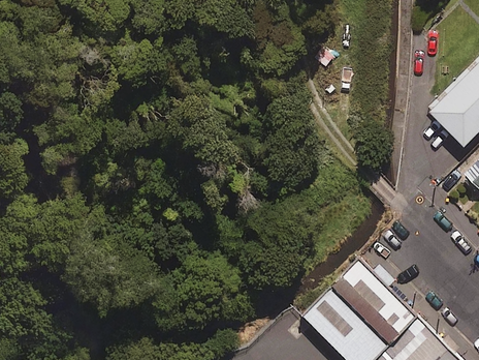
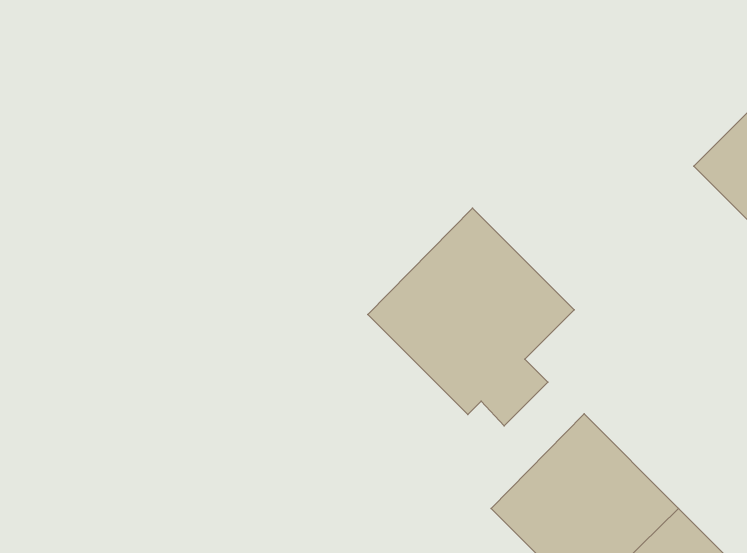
building: none -> [368,208,574,426]

